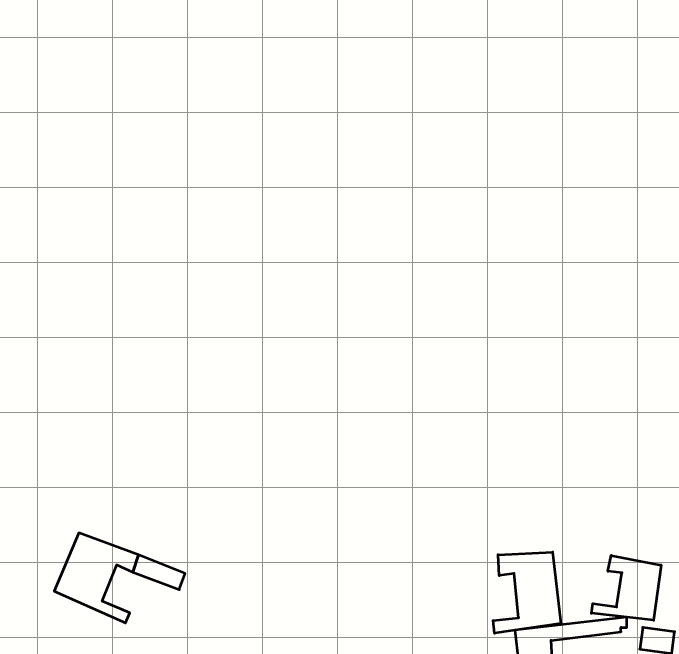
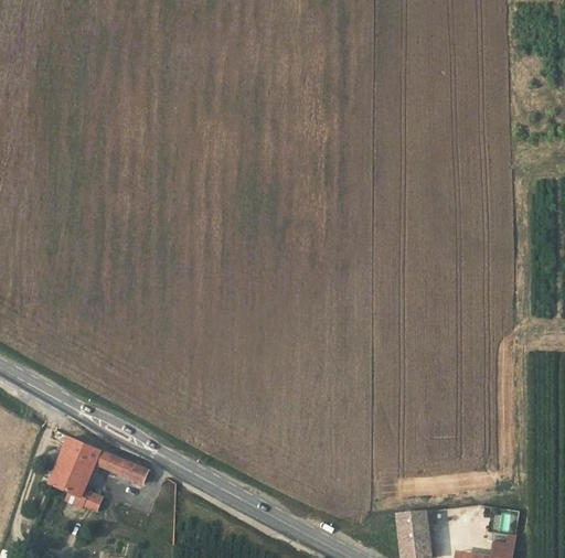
building: [493,552,561,633] -> none
building: [591,555,661,620] -> none

